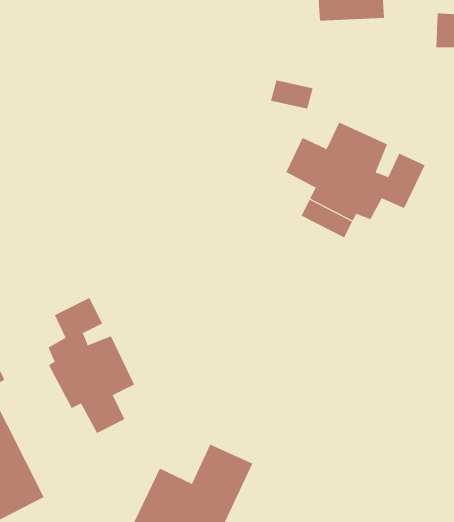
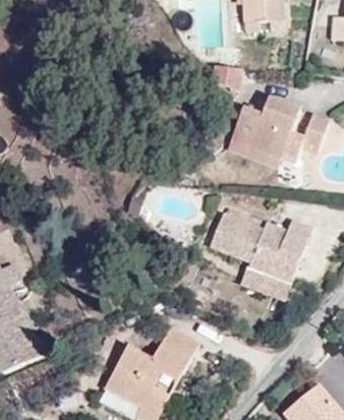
building: none -> [203,208,309,286]
building: [48,297,135,434] -> none

